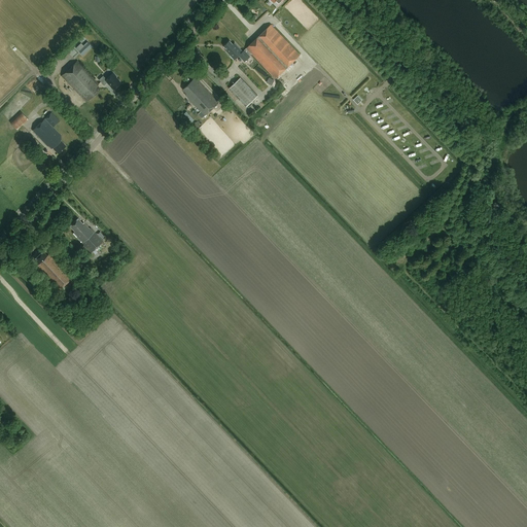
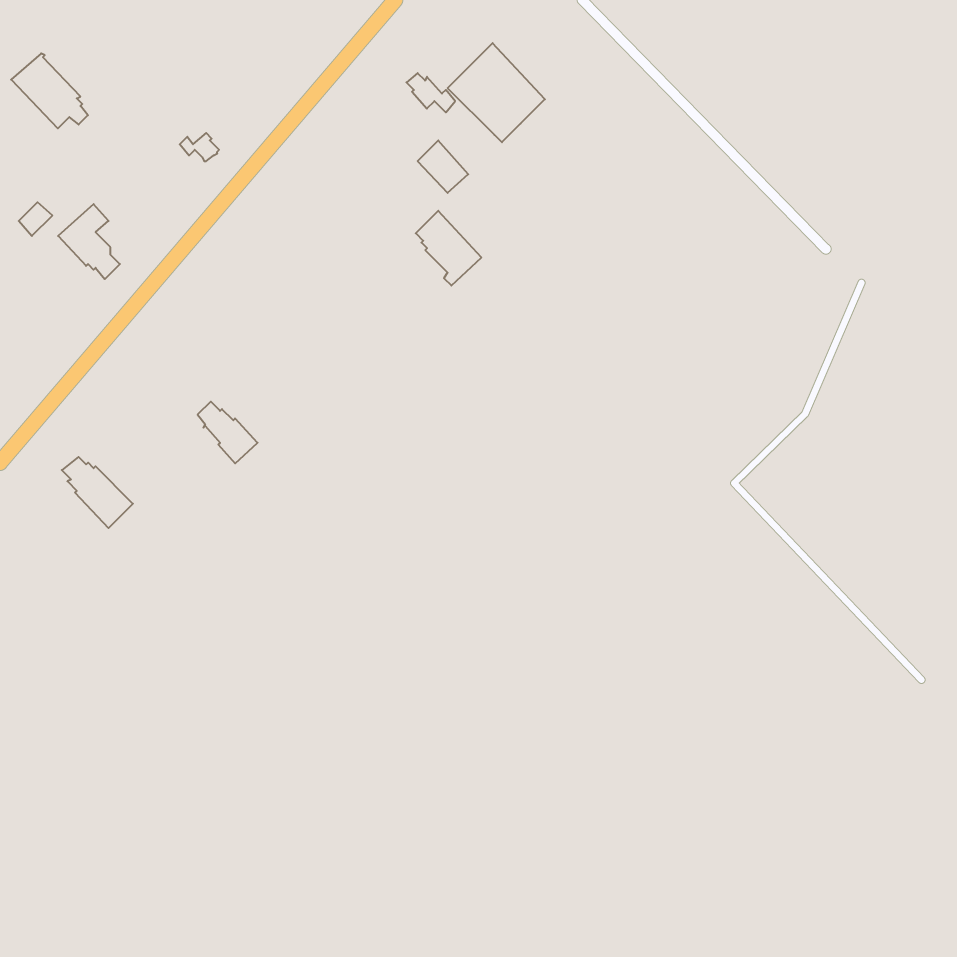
building: [61,61,103,102] -> [11,53,88,128]
building: [183,77,219,118] -> [416,211,481,286]
building: [70,218,103,252] -> [198,402,258,463]

